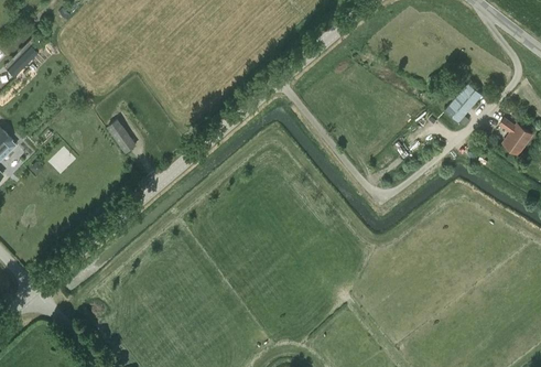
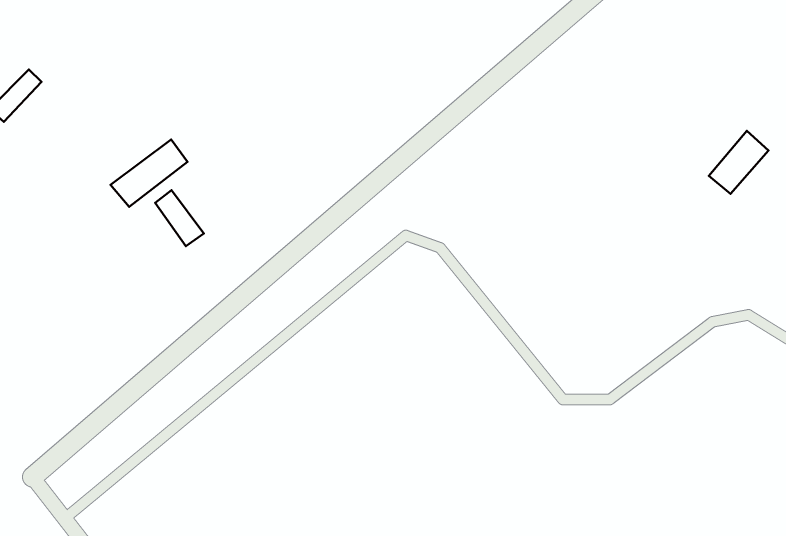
building: none -> [111,140,187,207]

